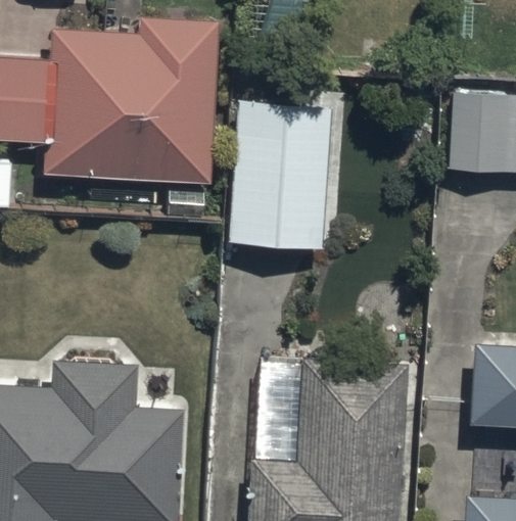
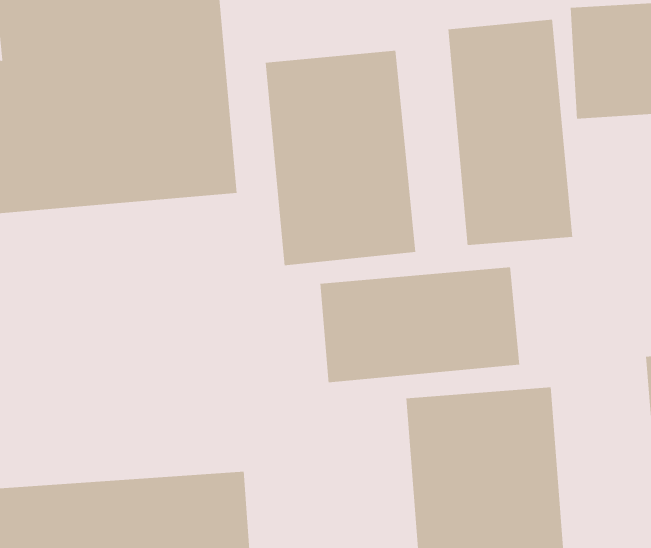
building: none -> [448,19,573,246]
building: none -> [320,266,520,383]

